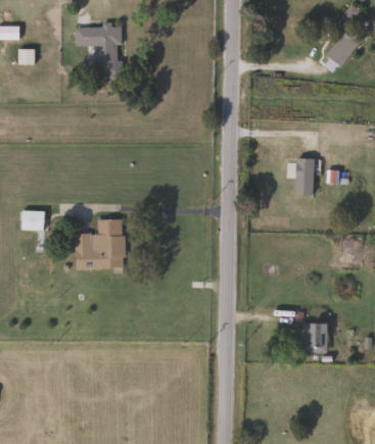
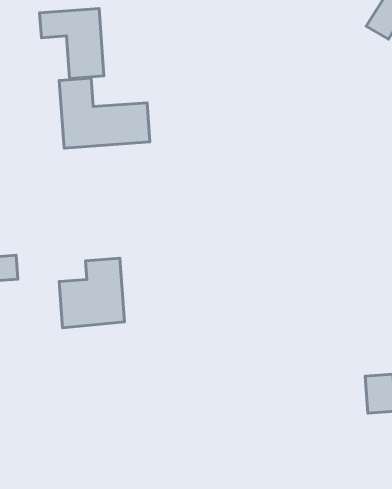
building: none -> [59,78,150,148]
building: [295,157,314,194] -> none

